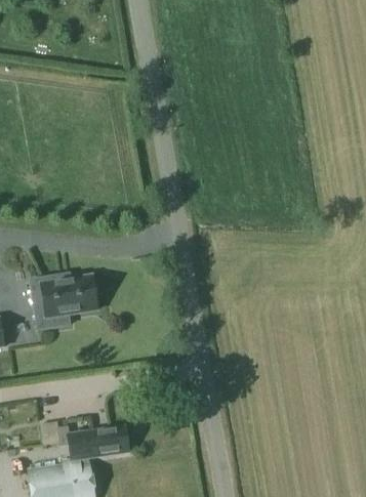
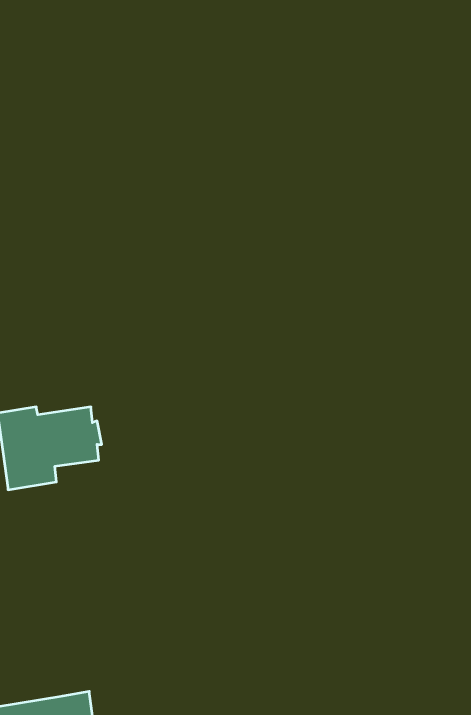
building: [58,424,132,464] -> none

